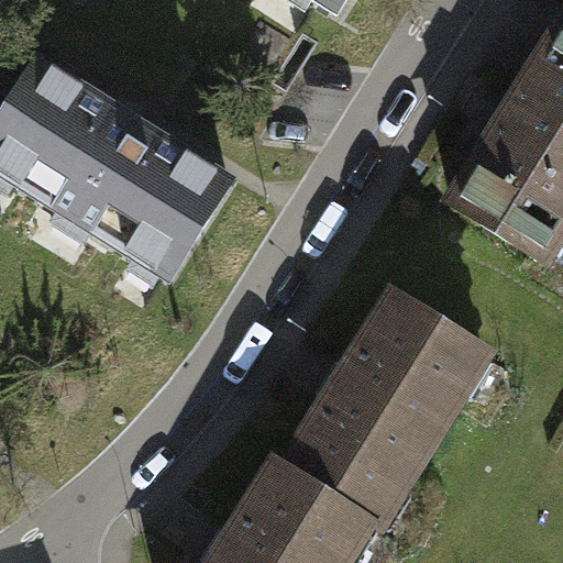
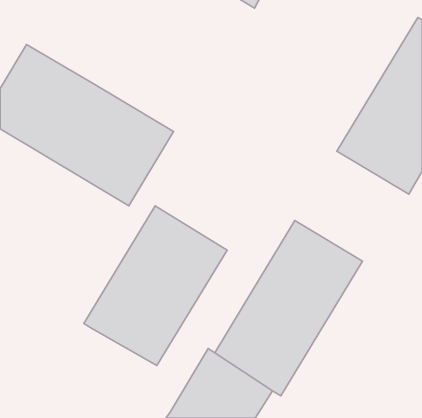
building: none -> [84,206,227,366]

